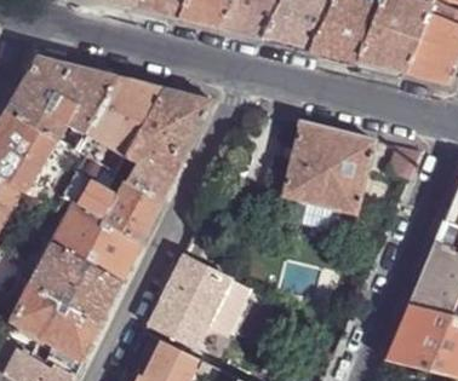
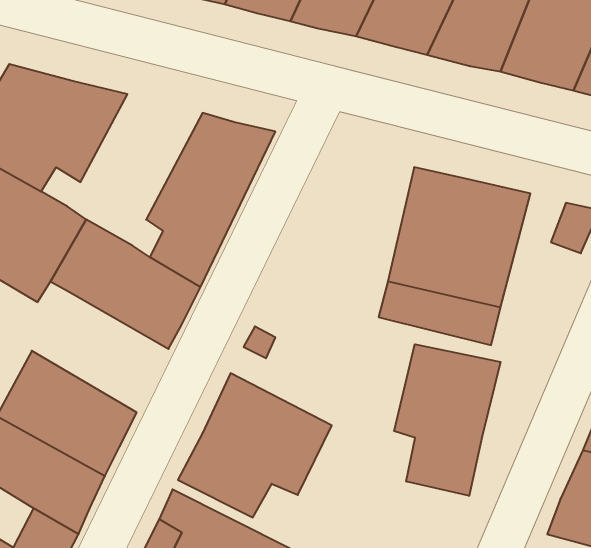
building: [78,75,165,173] -> none
building: [55,202,143,281] -> none
building: none -> [394,344,501,496]

